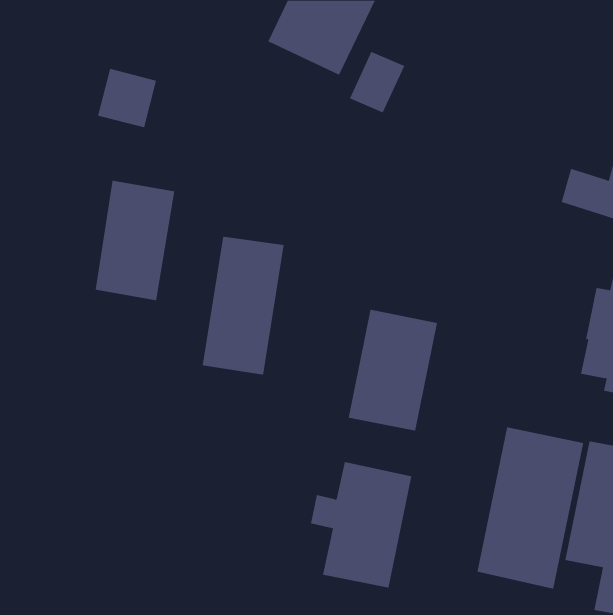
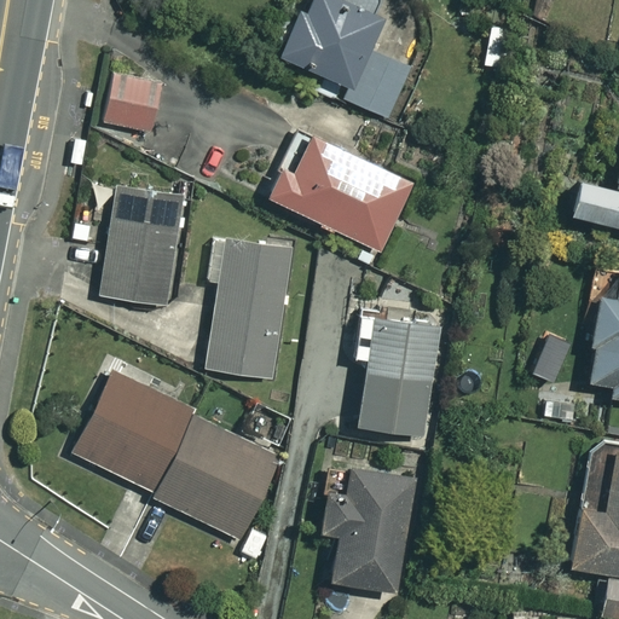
building: none -> [270,134,416,253]
building: none -> [70,372,283,540]
building: [477,427,584,590] -> none

